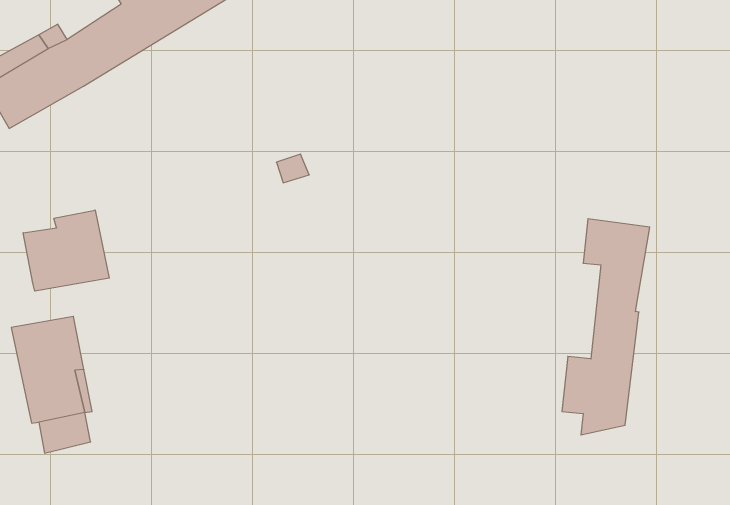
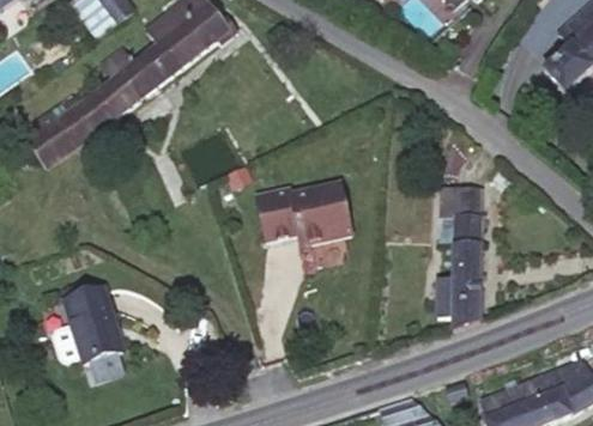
building: none -> [258,183,351,244]
building: [23,210,109,291] -> none

